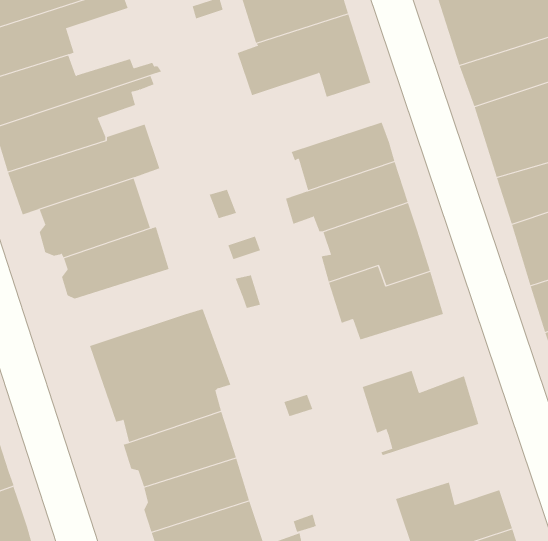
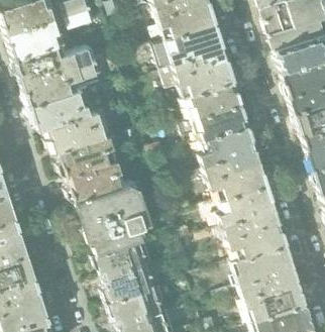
building: none -> [151,56,232,98]
building: none -> [66,161,125,203]
building: none -> [218,186,277,228]
building: none -> [232,245,296,289]

